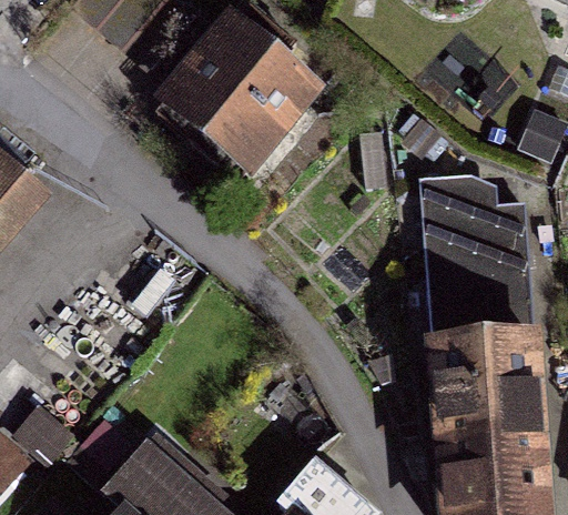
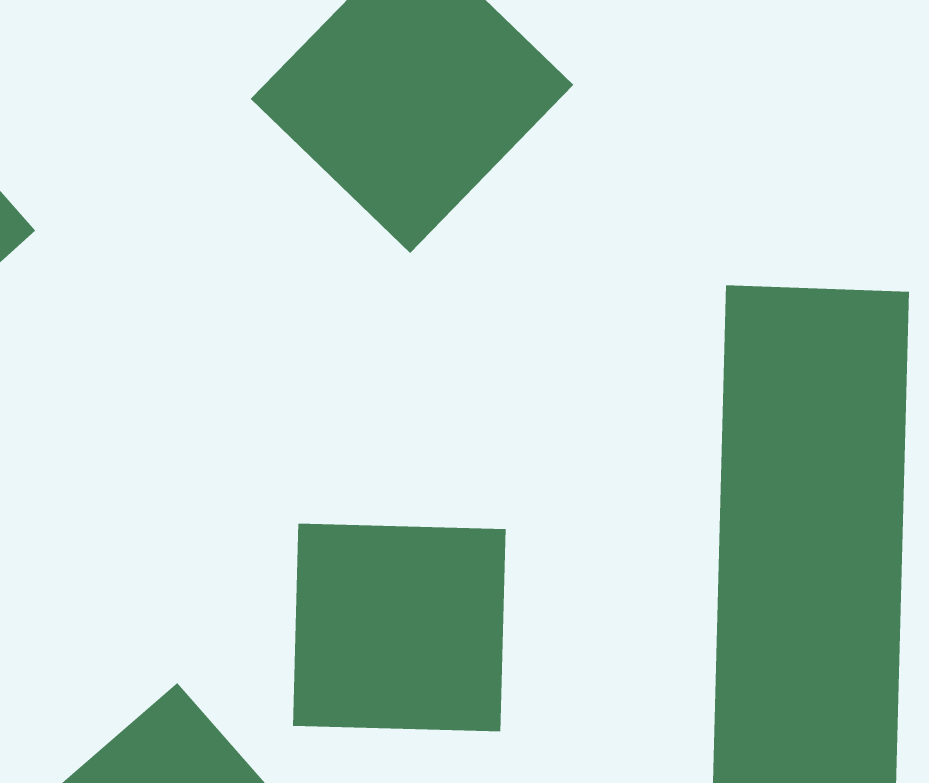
building: none -> [292,523,506,732]

